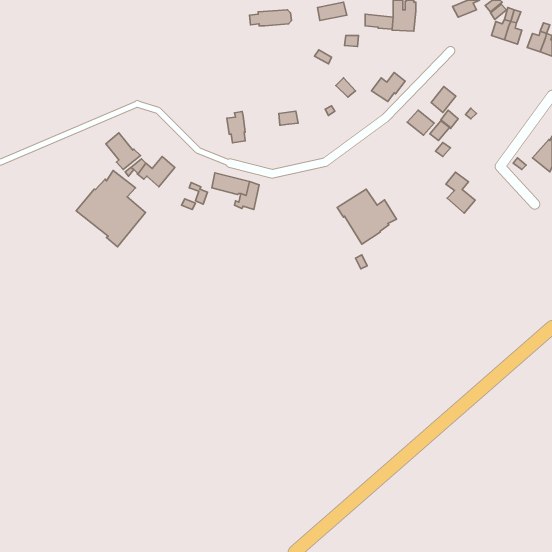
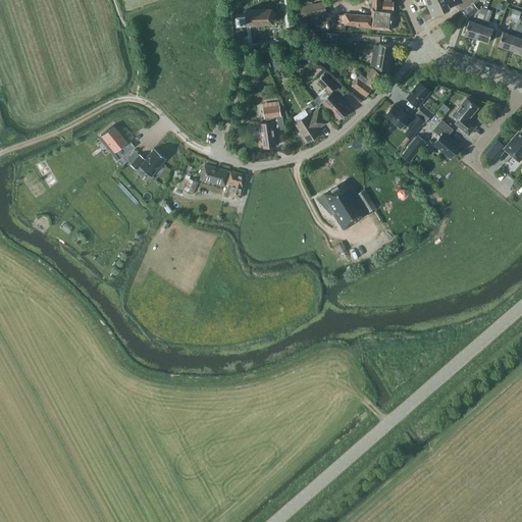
building: none -> [370,44,392,70]
building: none -> [321,91,349,118]
building: none -> [453,98,478,135]
building: [227,112,245,143] -> [258,117,275,147]
building: none -> [296,109,323,142]
building: [76,170,146,247] -> none
building: [446,172,475,213] -> [432,119,460,158]

